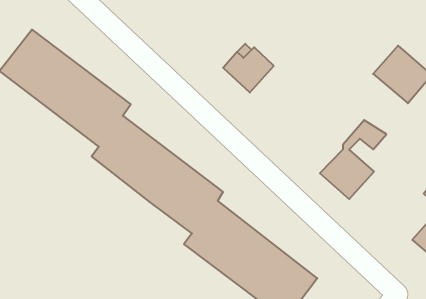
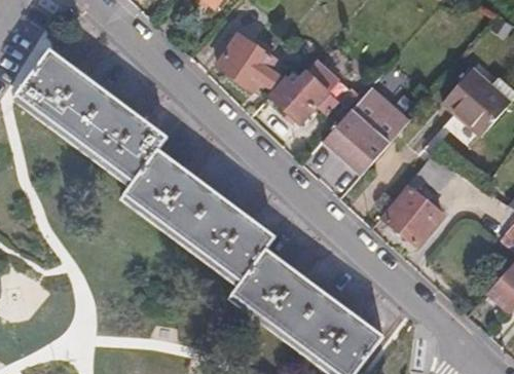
building: none -> [218,36,278,91]
building: none -> [324,86,409,173]

